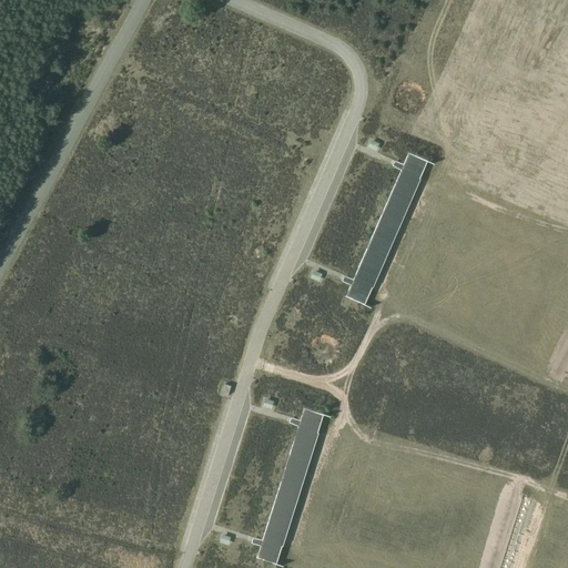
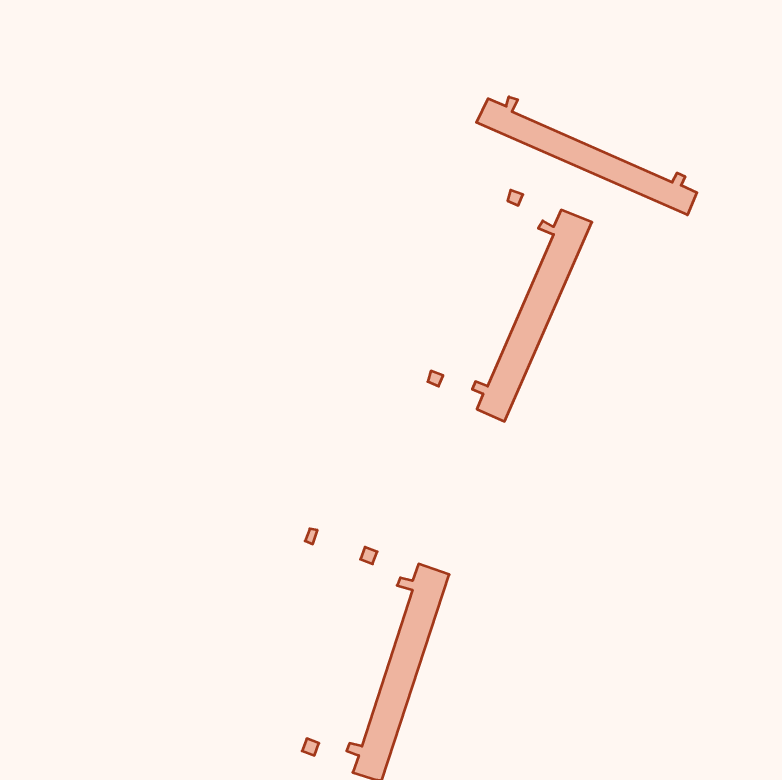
building: none -> [476,97,697,215]

